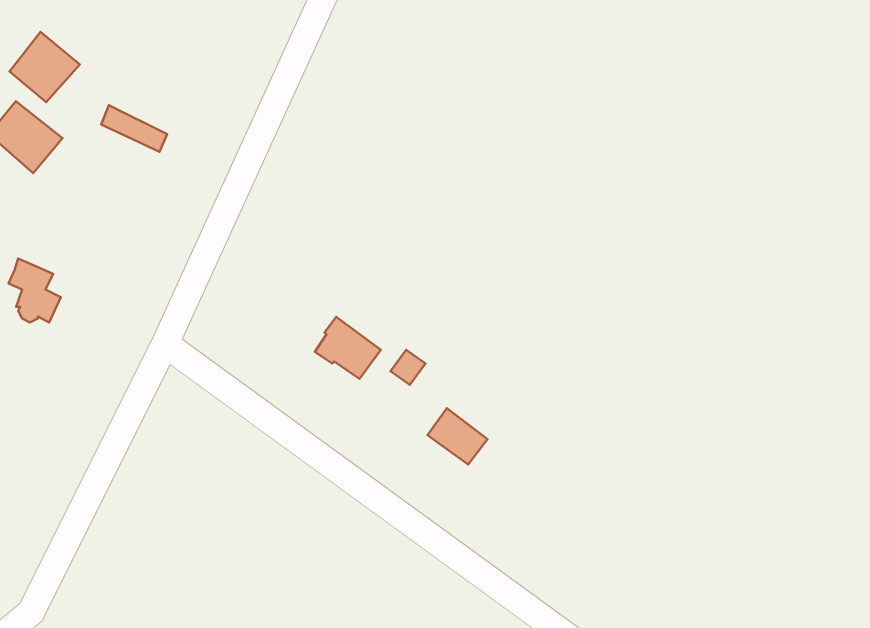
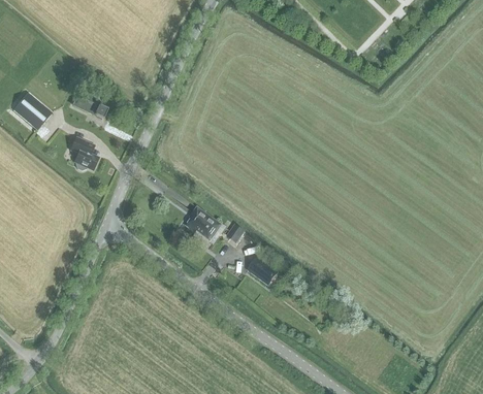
building: [9,32,80,102] -> none
building: [9,258,61,322] -> [70,137,98,171]

